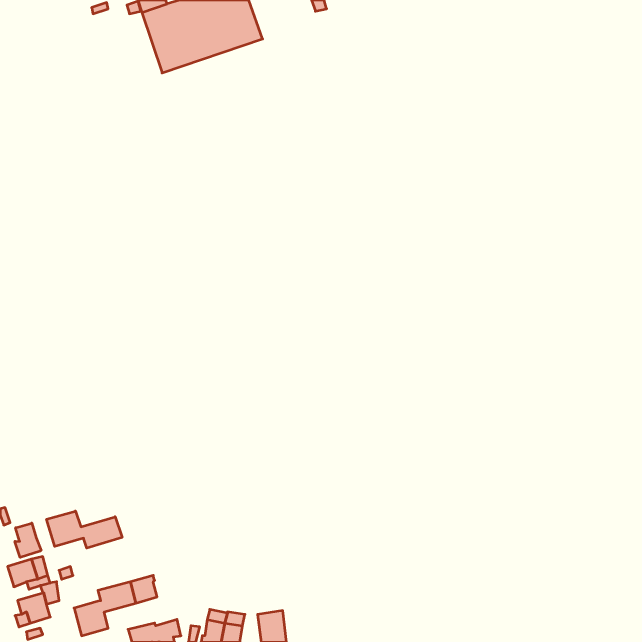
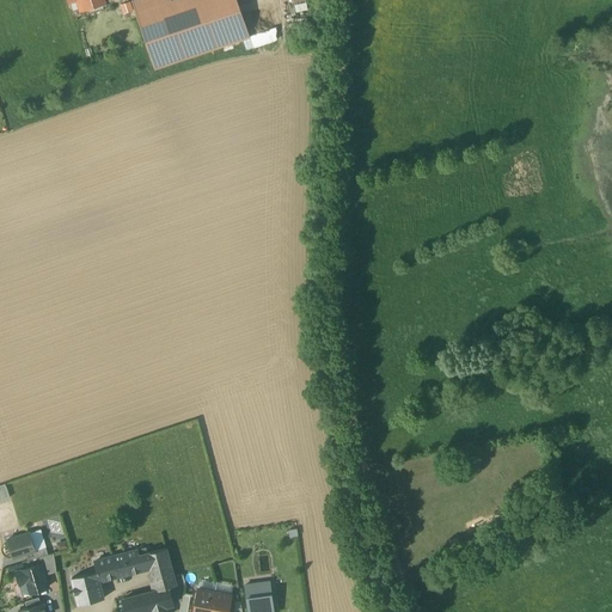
building: [47,511,122,548] -> none
building: [15,523,41,557] -> none
building: none -> [146,547,176,590]

